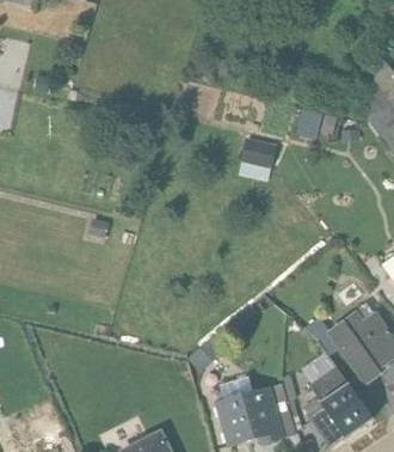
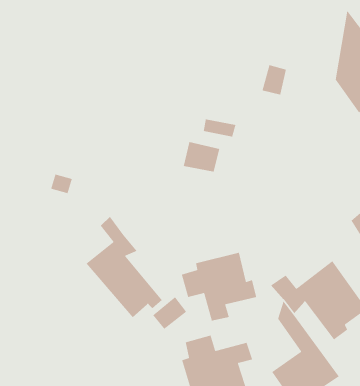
building: [239,136,276,167] -> [183,141,220,172]
building: none -> [85,216,163,318]
building: none -> [181,252,257,322]

